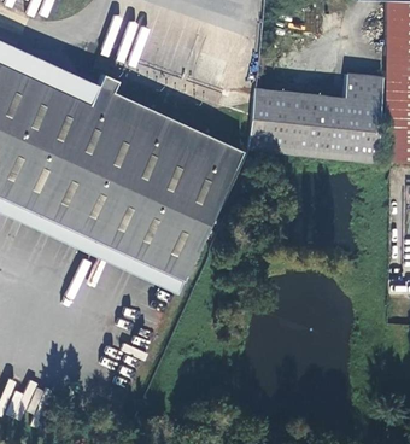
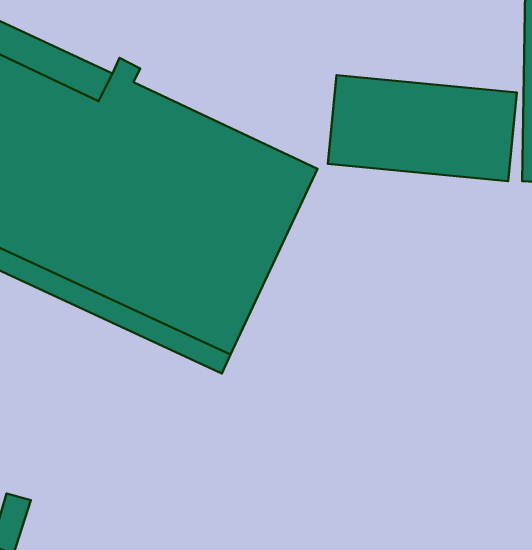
building: [345,69,383,95] -> none

